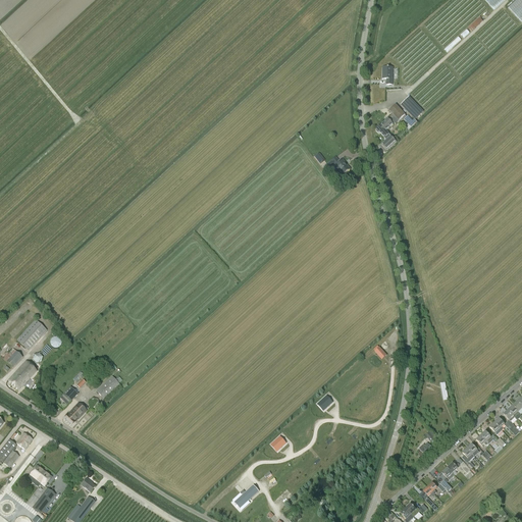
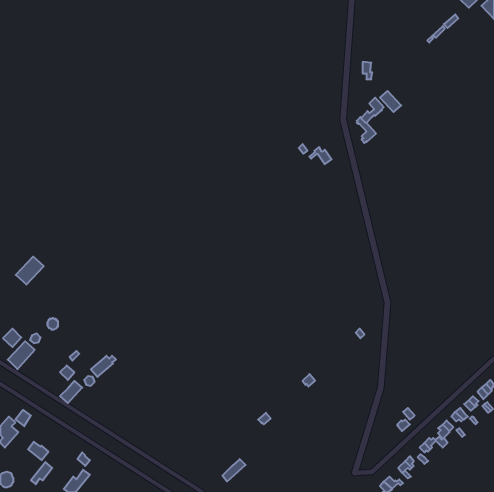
building: [17,319,47,349] -> [16,257,44,285]

